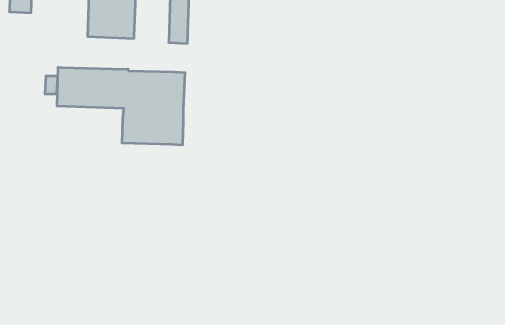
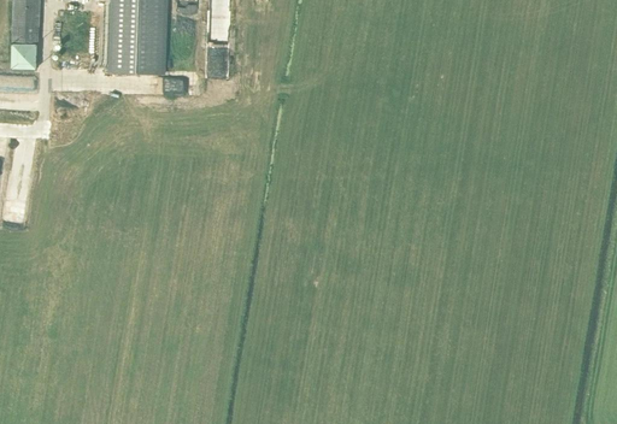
building: none -> [11,43,36,69]
building: [57,67,185,145] -> none

